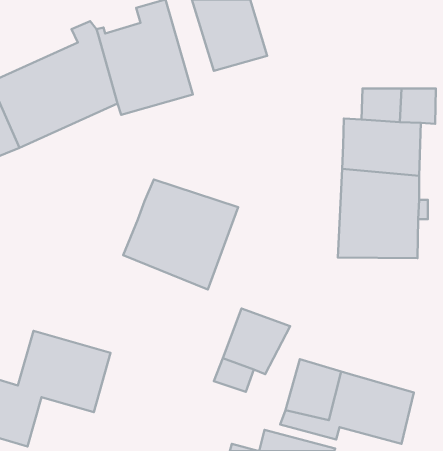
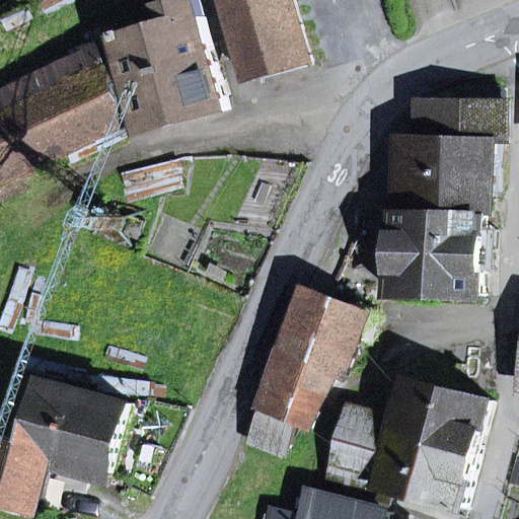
building: [123,180,238,290] -> none
building: none -> [277,293,360,376]
building: none -> [401,380,488,450]

